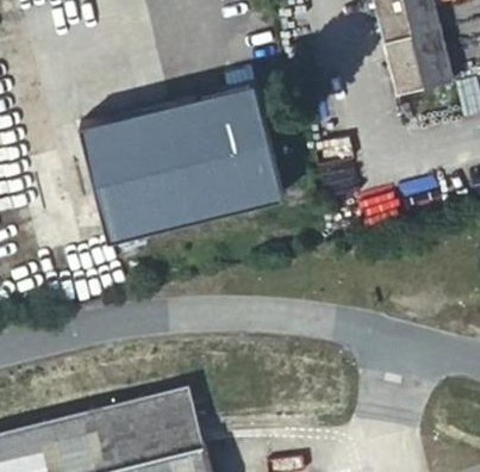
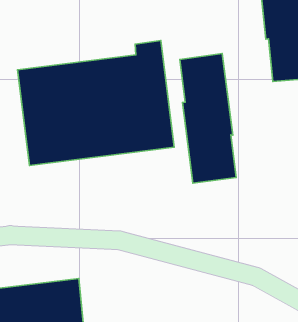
building: none -> [180,53,236,183]

